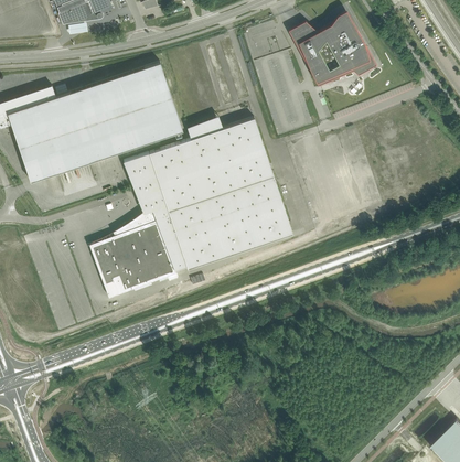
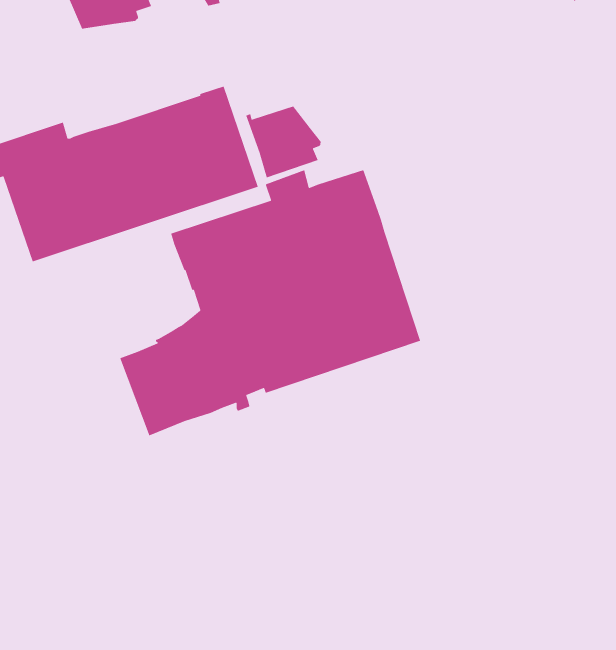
building: [288,10,376,86] -> none
building: none -> [245,106,322,178]

